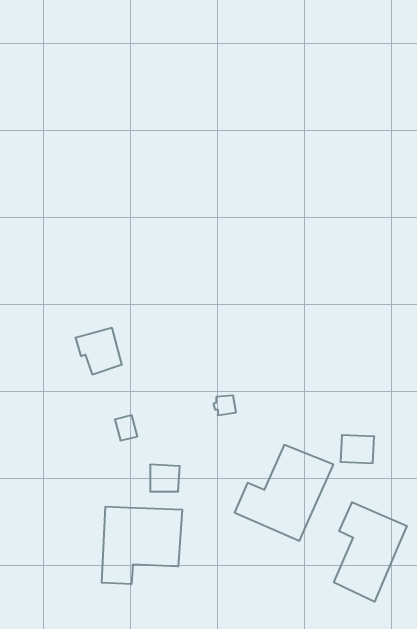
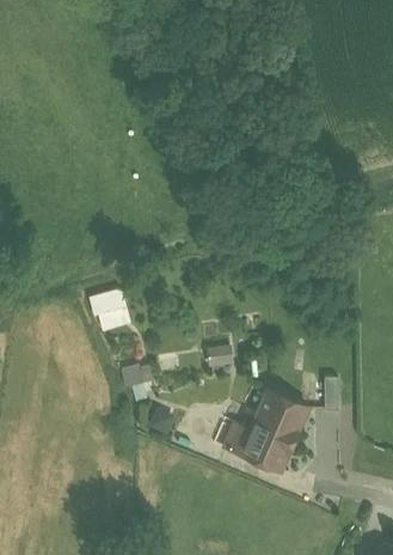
building: [334,502,407,602] -> none
building: [102,507,182,584] -> none

